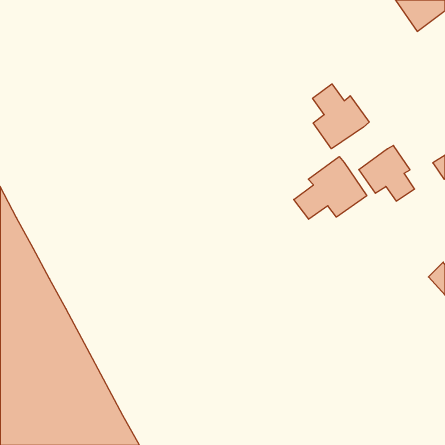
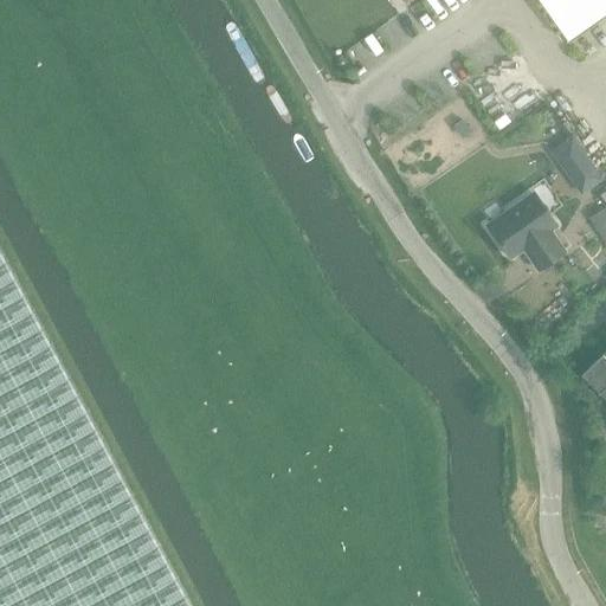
building: [313,84,369,149] -> none
building: [294,157,367,219] -> none

